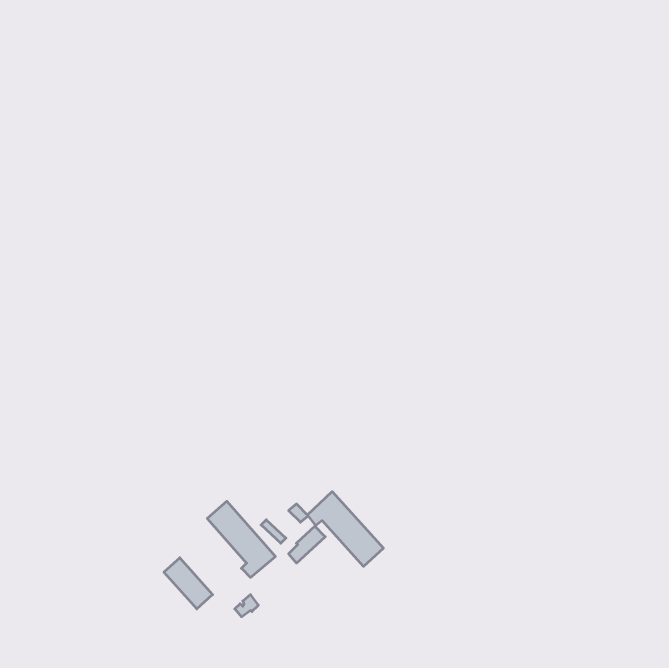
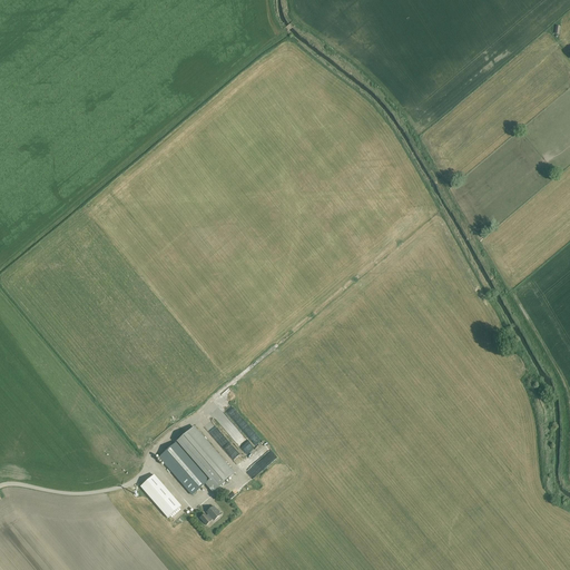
building: [308,492,383,566] -> none
building: none -> [158,440,209,493]

